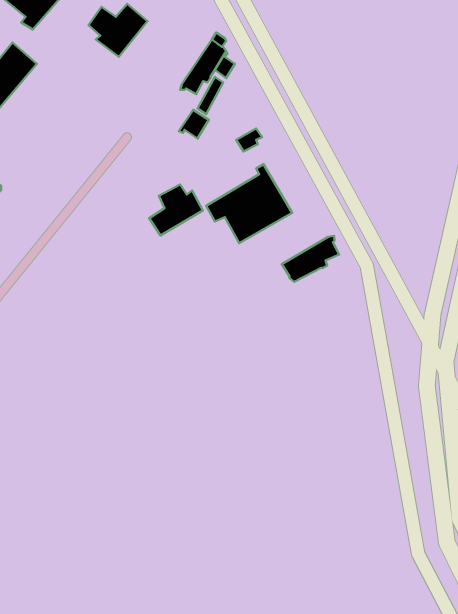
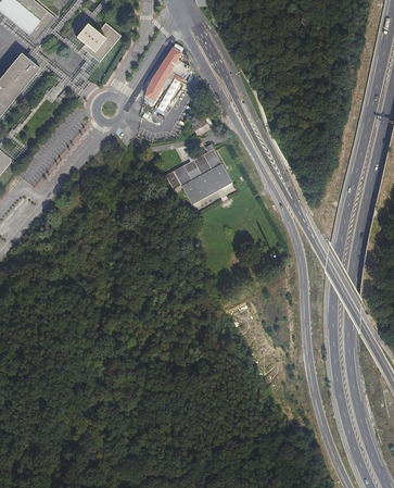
building: [149,184,203,235] -> none
building: [282,236,339,282] -> none

